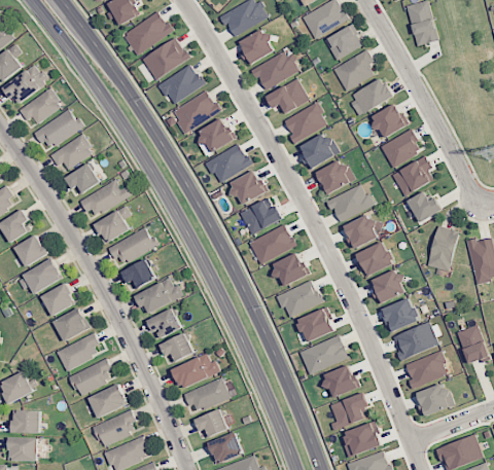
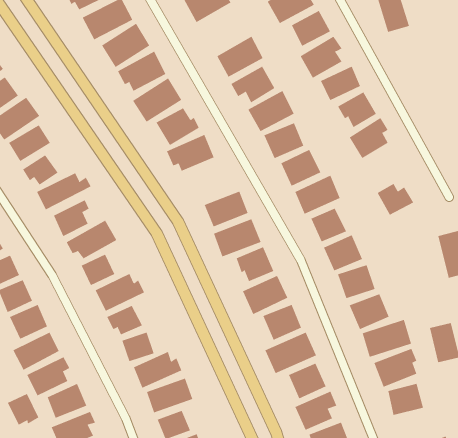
building: [239,29,275,65] -> none
building: [391,155,433,195] -> none
building: [227,171,264,205] -> none
building: [426,225,458,272] -> none
building: none -> [7,393,39,425]

